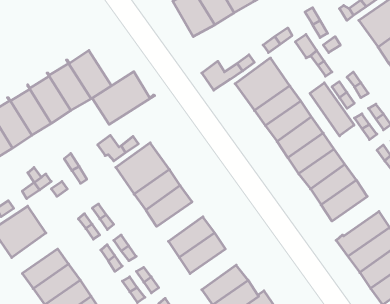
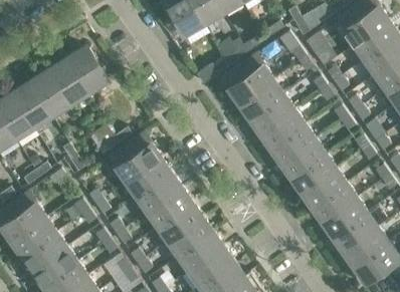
building: [92,72,155,124] -> none
building: [310,83,354,136] -> none
building: none -> [314,185,358,222]
building: none -> [150,190,193,227]
building: none -> [14,219,57,257]
building: none -> [181,234,224,272]

